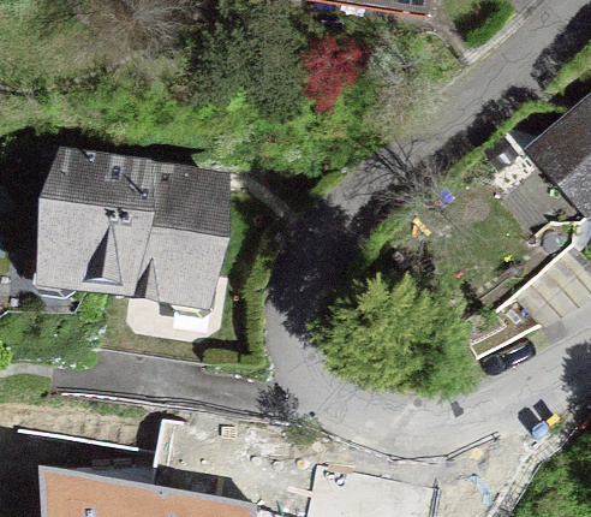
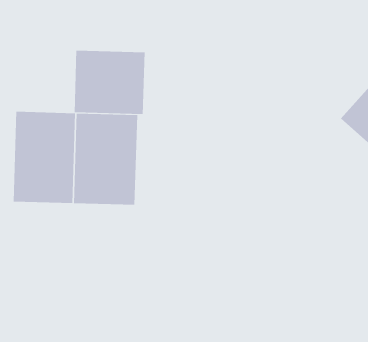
building: none -> [74,50,145,115]

